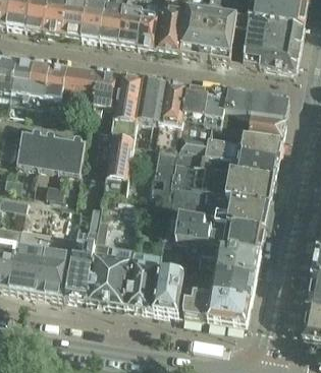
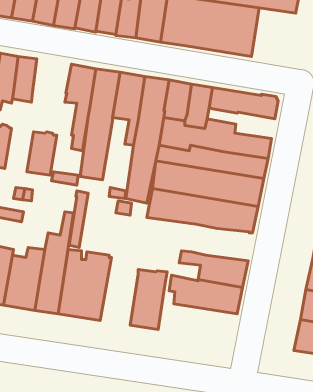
building: [263,19,304,69] -> none
building: [62,66,98,98] -> none
building: [248,115,284,139] -> none
building: [37,128,63,170] -> none
building: [163,211,264,251] -> none
building: [124,248,160,310] -> none
building: [181,290,250,324] -> none

